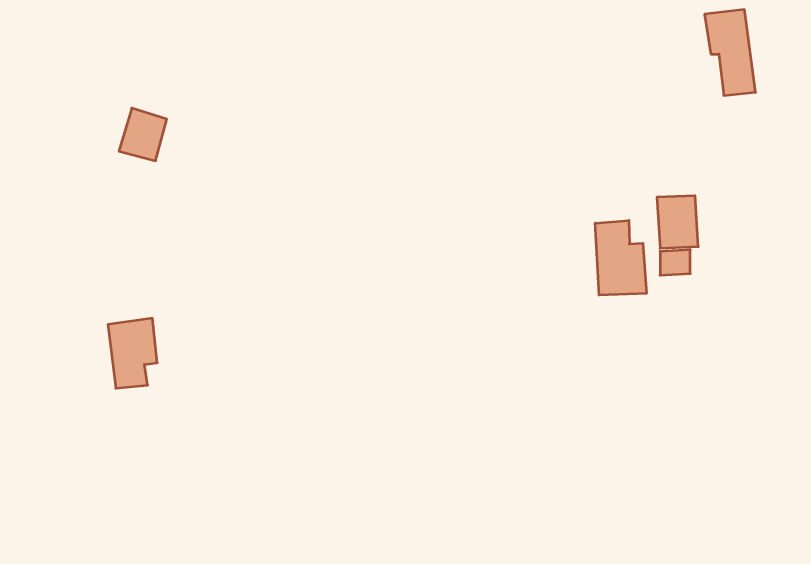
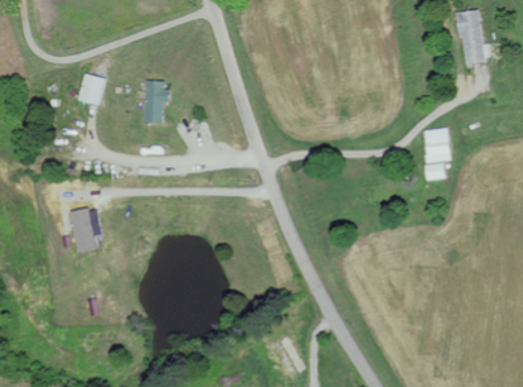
building: none -> [143,80,167,122]
building: [595,220,646,295] -> none

